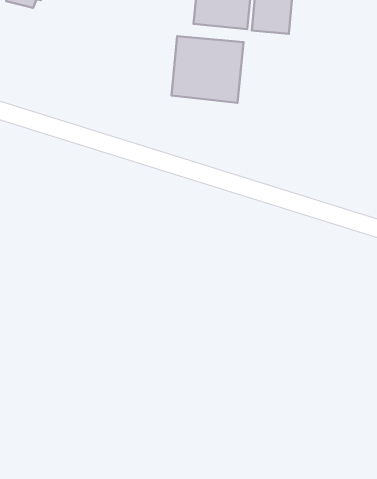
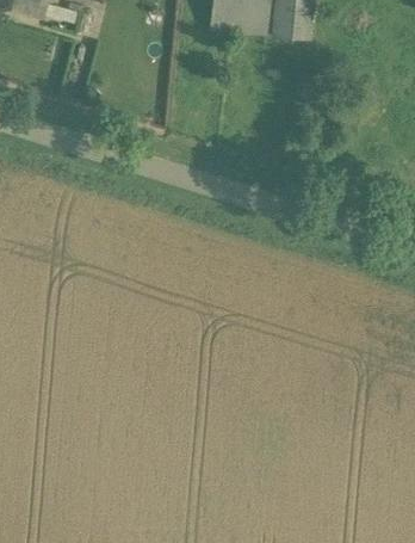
building: [172,36,244,103] -> none

